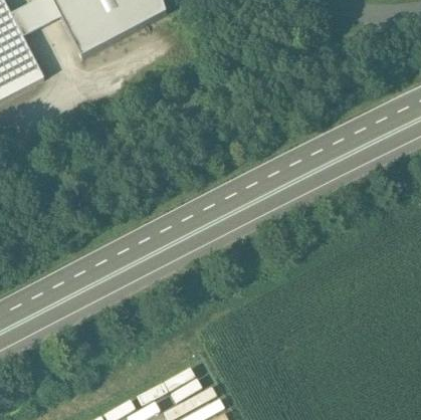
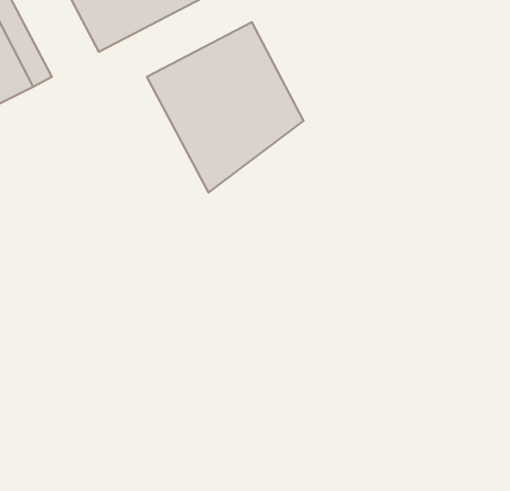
building: none -> [147,22,304,192]

